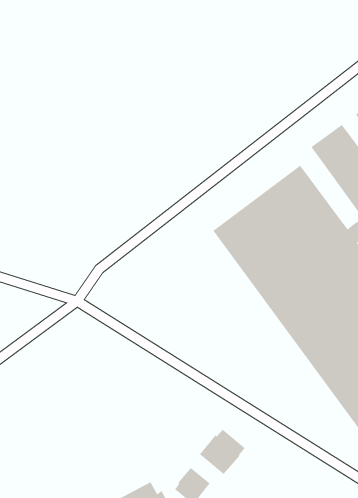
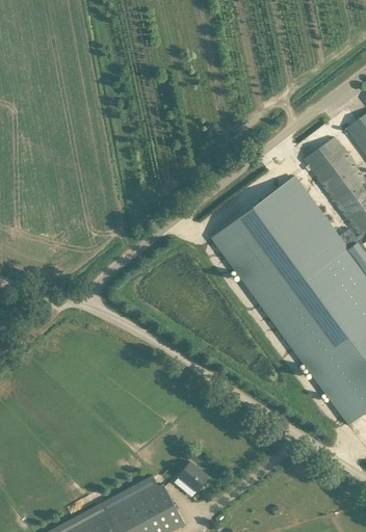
building: [199,429,246,475] -> none

